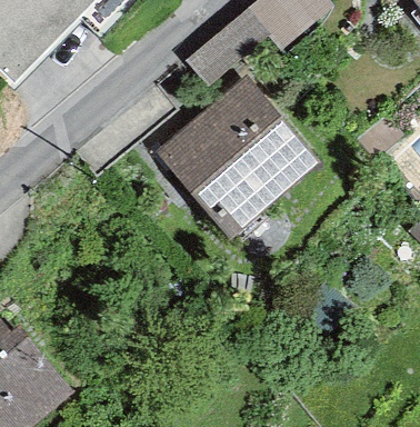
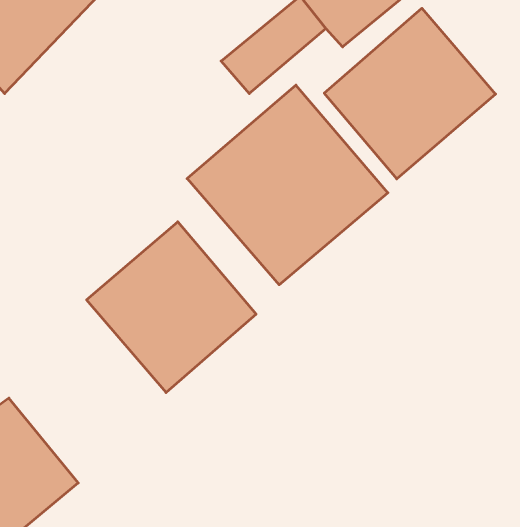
building: none -> [324,8,496,179]
building: none -> [87,222,256,393]

